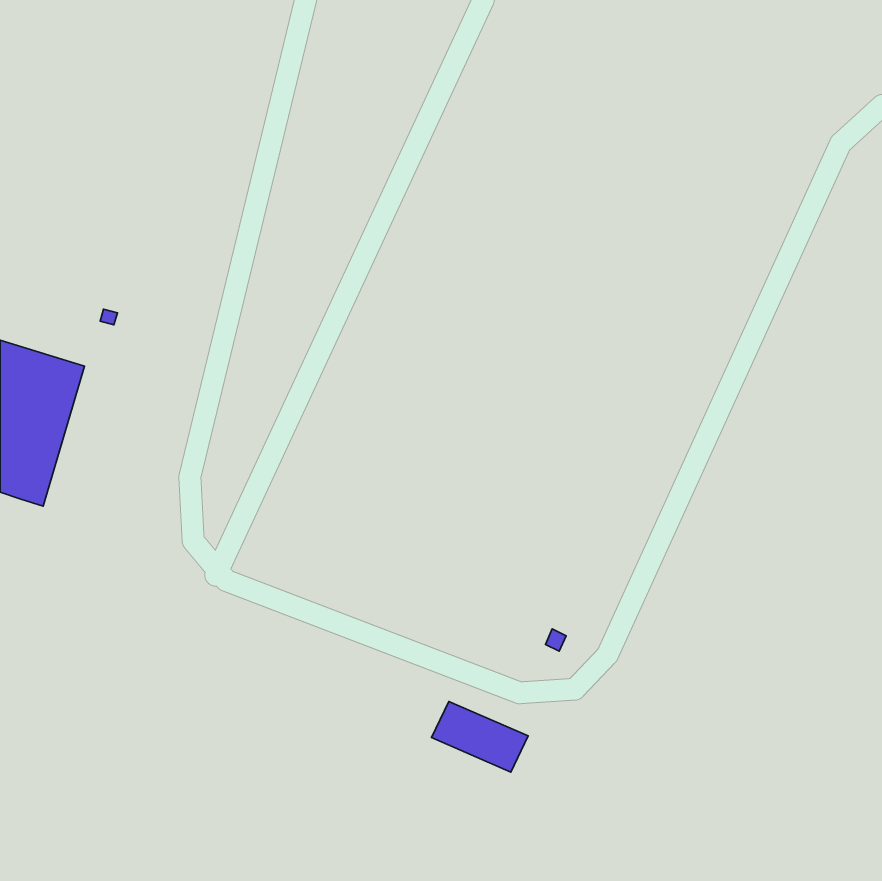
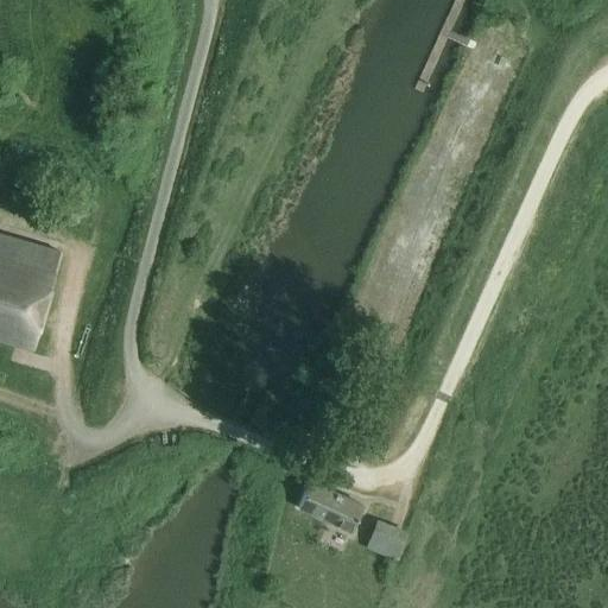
building: none -> [365,520,407,562]

